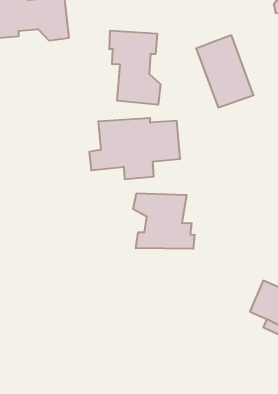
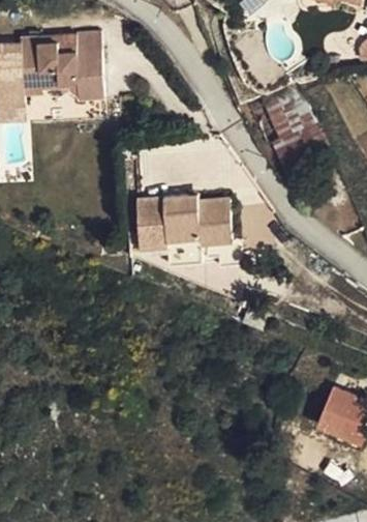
building: [109,31,160,105] -> none
building: [133,193,195,249] -> none

